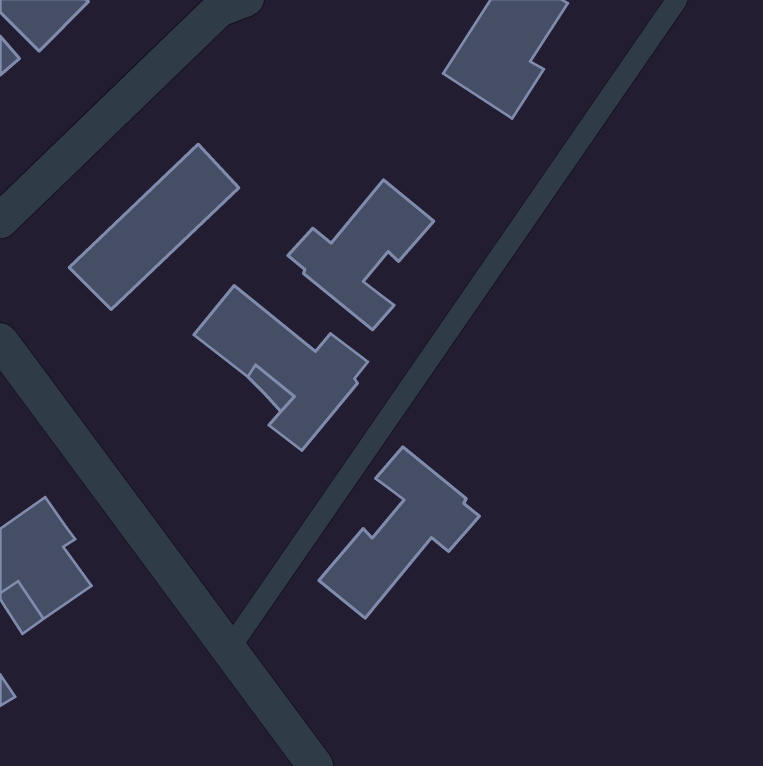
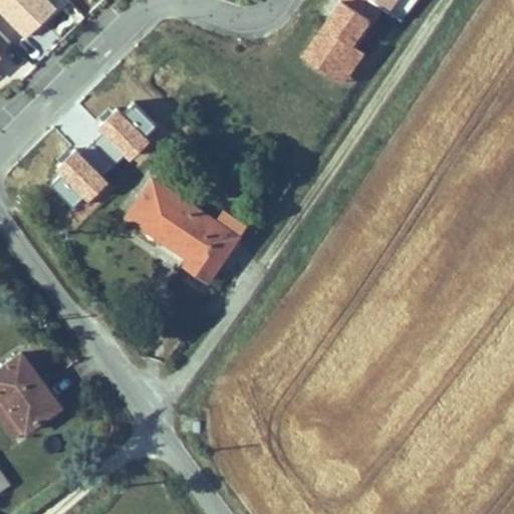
building: [288,180,434,330] -> none
building: [319,447,479,618] -> none

